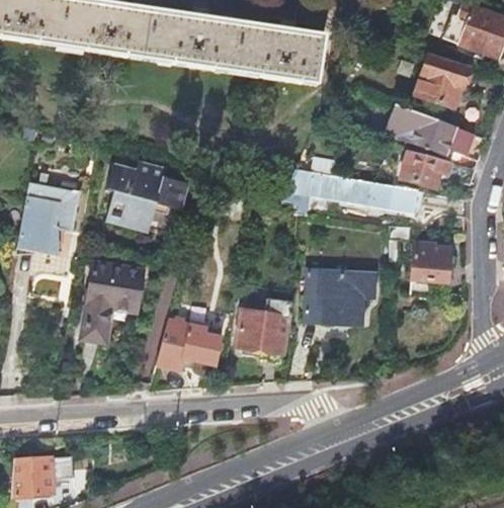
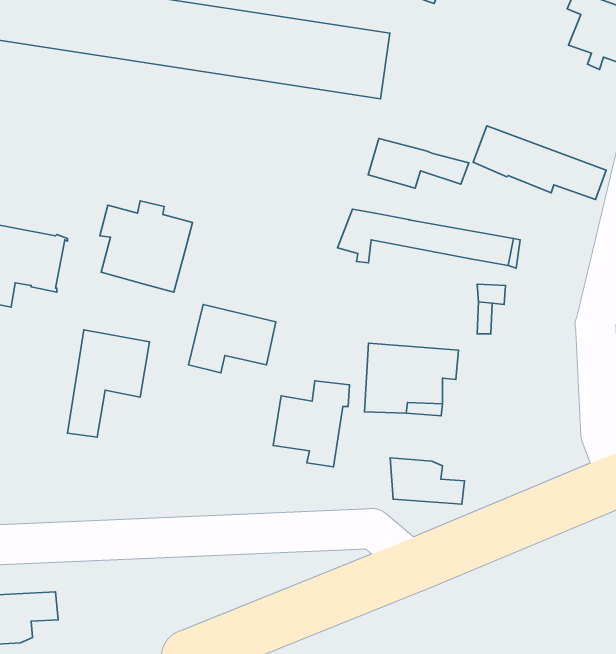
building: [416,56,471,108] -> none
building: [401,151,477,188] -> [368,139,469,188]
building: [412,242,451,298] -> none
building: [158,319,224,370] -> [188,304,276,373]
building: none -> [390,458,465,504]

